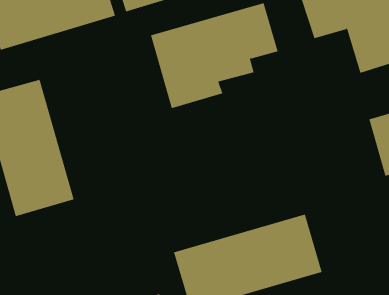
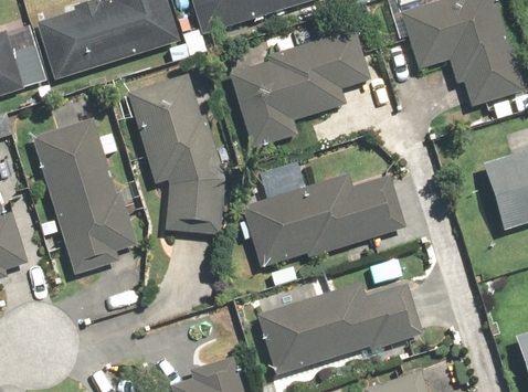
building: none -> [123,65,225,235]
building: none -> [240,163,404,273]

